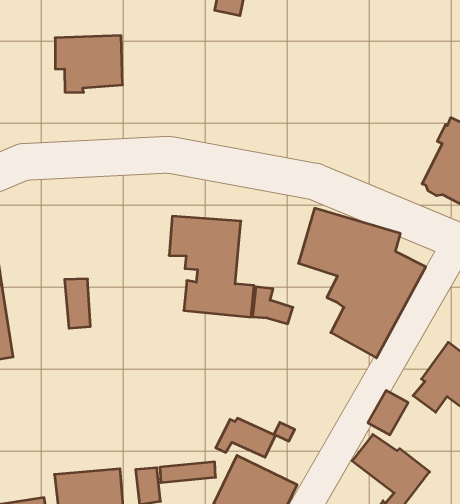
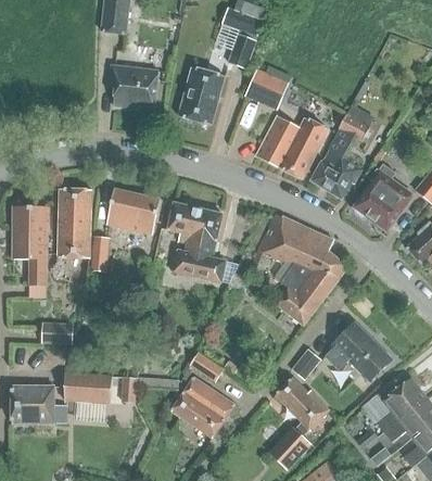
building: none -> [246,68,288,105]
building: none -> [178,66,224,124]
building: none -> [310,115,368,199]
building: none -> [256,116,328,178]
building: none -> [107,189,158,233]
building: none -> [56,189,91,258]
building: none -> [40,322,73,344]

